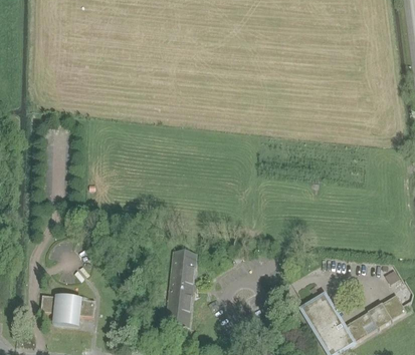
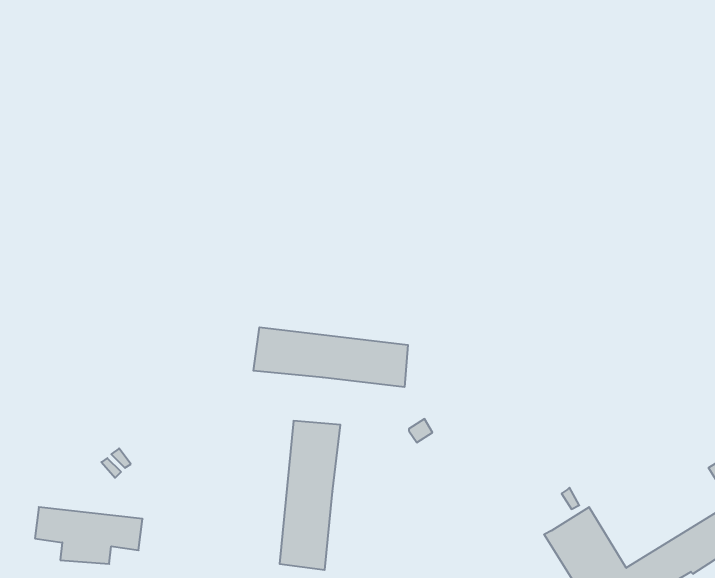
building: none -> [253,327,408,387]

